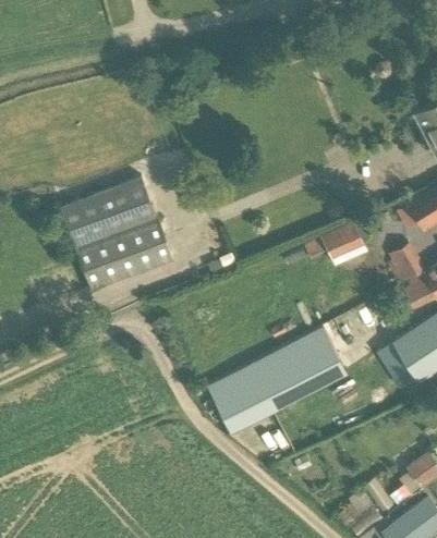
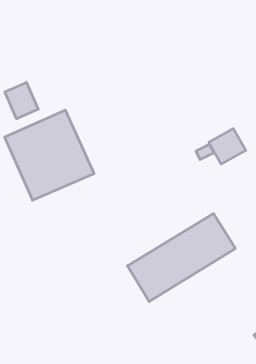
building: none -> [5,82,38,119]

